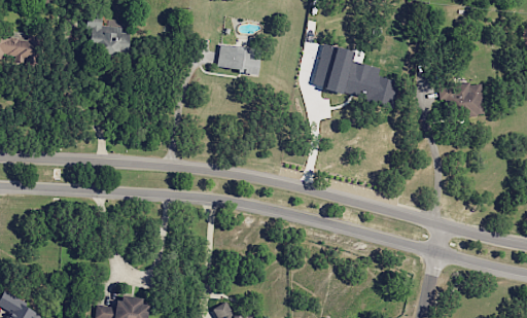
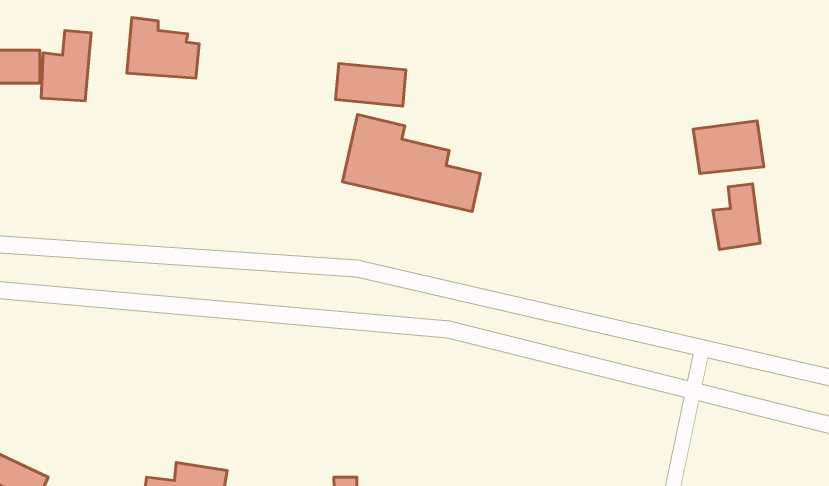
building: none -> [41,31,91,101]
building: [312,43,398,104] -> [343,114,480,211]
building: none -> [713,184,760,249]

